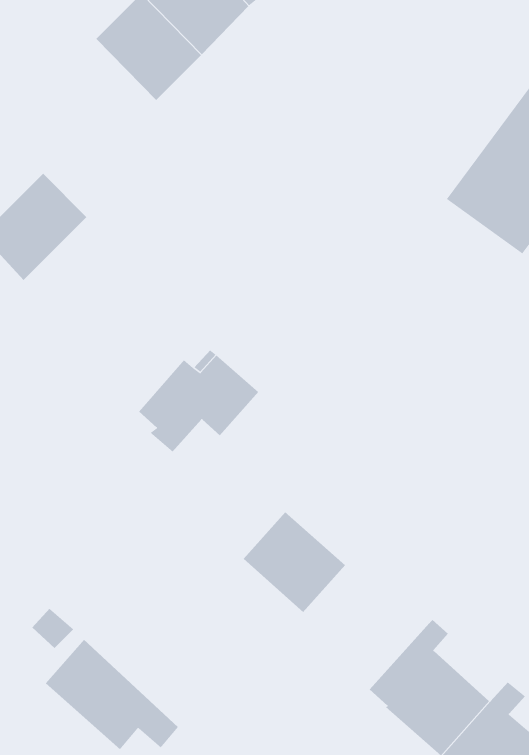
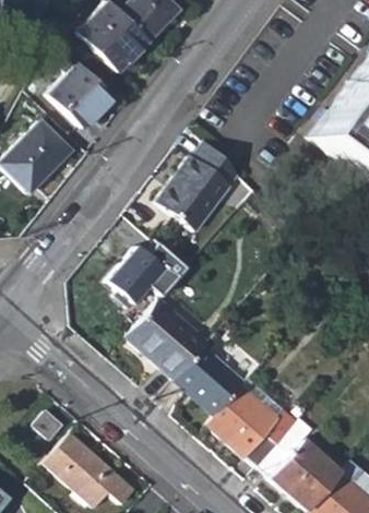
building: none -> [49,61,112,129]
building: none -> [156,143,238,234]
building: none -> [127,299,209,380]
building: none -> [210,379,300,467]

